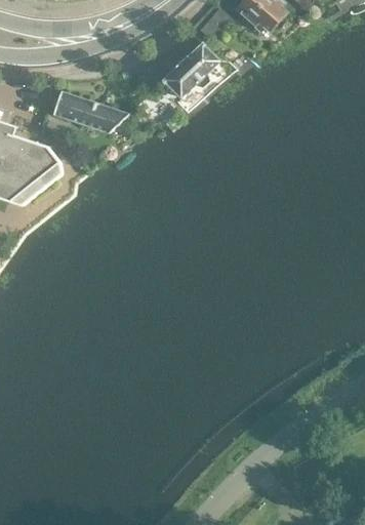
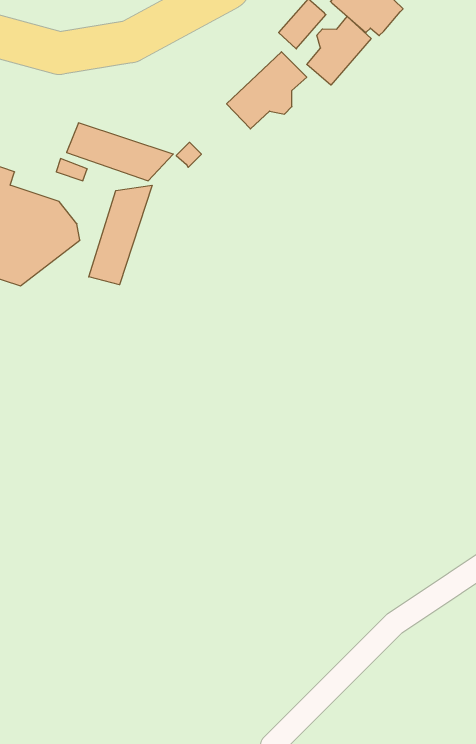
building: none -> [307,17,371,85]
building: none -> [89,185,152,285]

